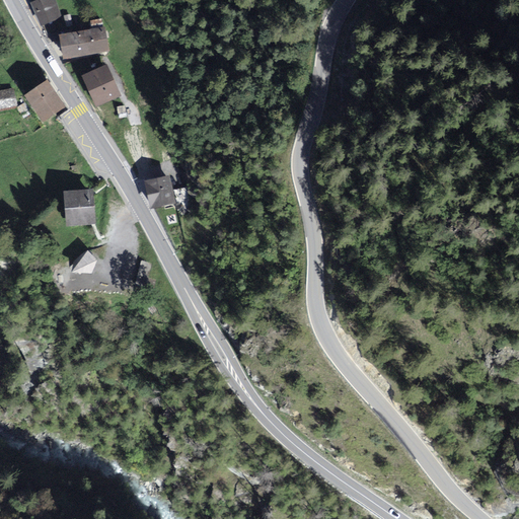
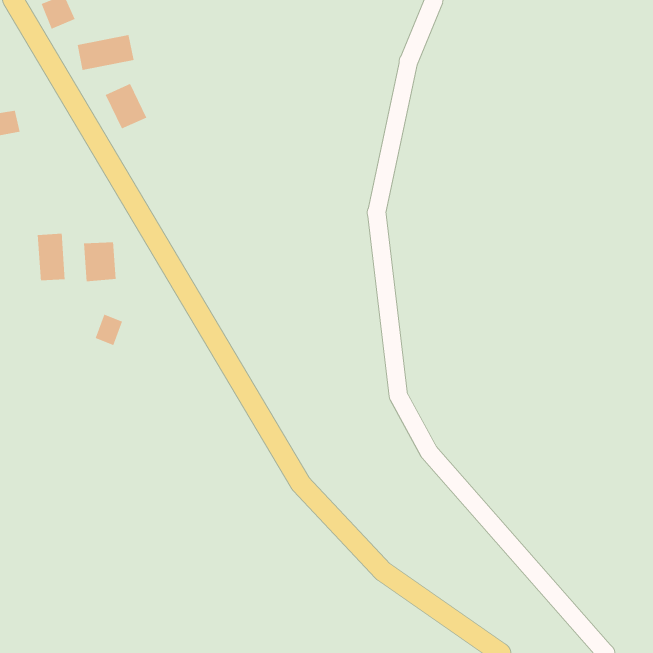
building: [23,79,64,121] -> none
building: [144,176,173,207] -> none
building: none -> [37,233,65,281]

